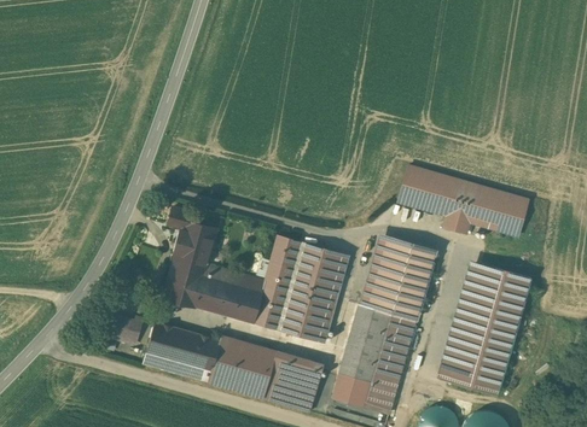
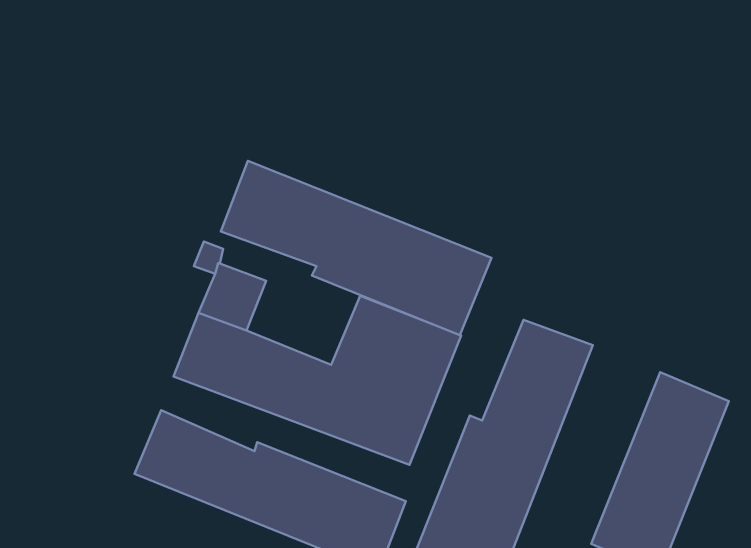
building: none -> [221,161,492,335]
building: [397,166,528,236] -> none
building: [106,317,139,344] -> none

